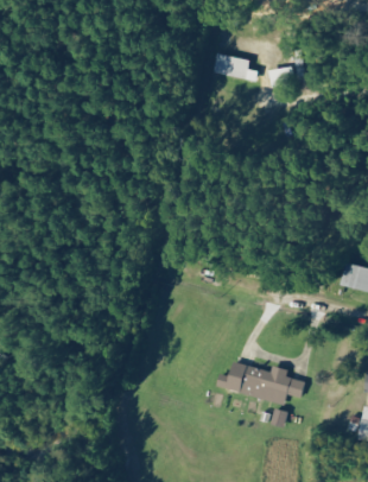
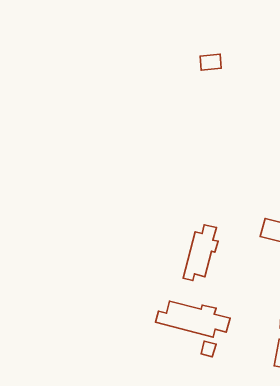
building: [210,52,258,82] -> none
building: none -> [183,225,218,280]

